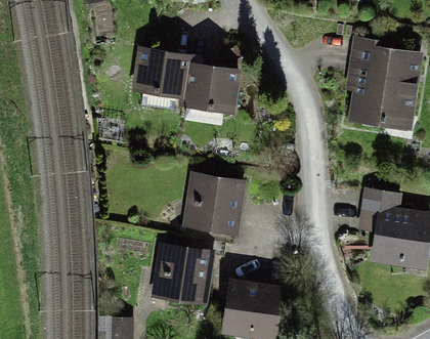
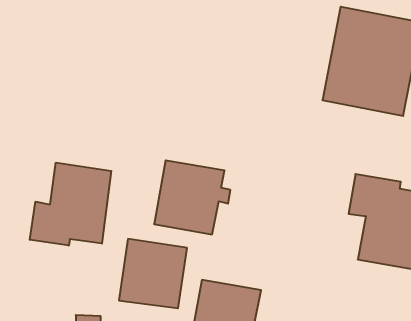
building: [125,45,230,115] -> none
building: none -> [30,163,111,246]

